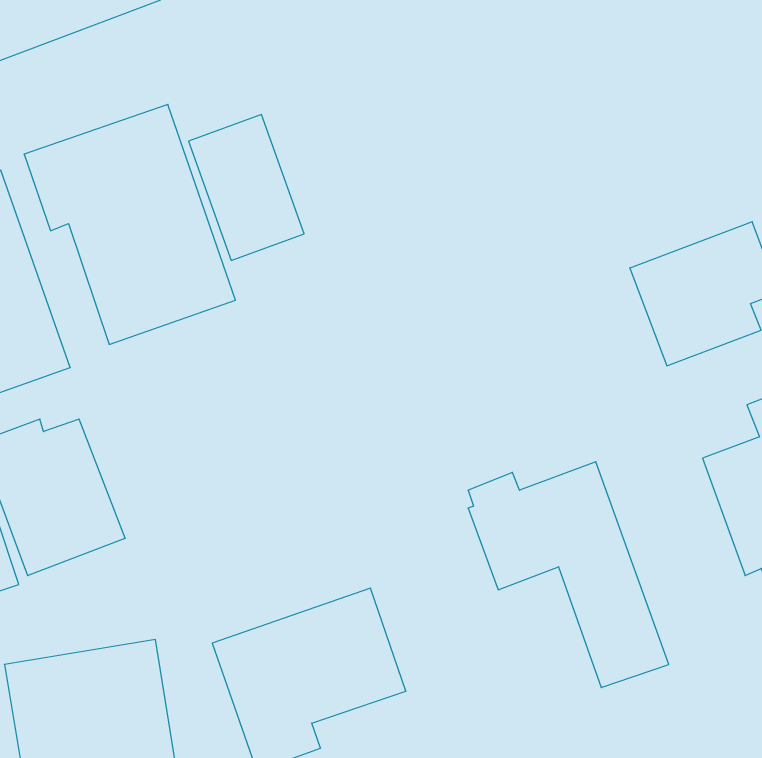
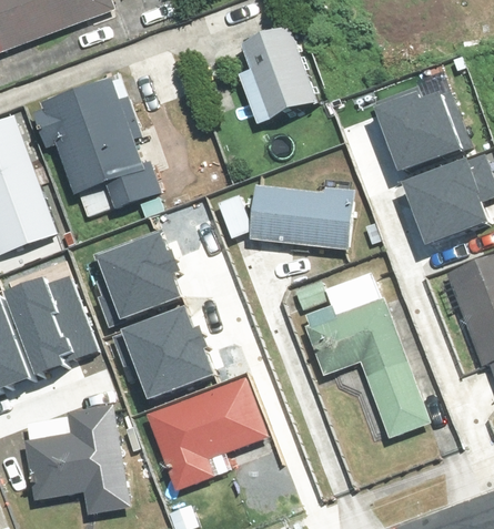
building: none -> [375,81,467,171]
building: [189,115,304,260] -> [244,21,316,112]
building: none -> [249,175,353,240]
building: none -> [102,231,185,315]
building: none -> [132,307,215,390]

